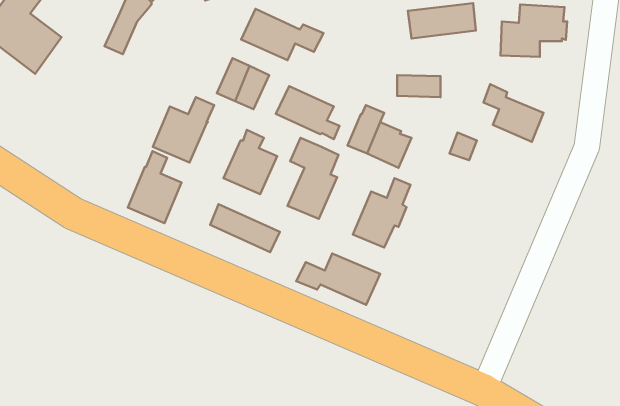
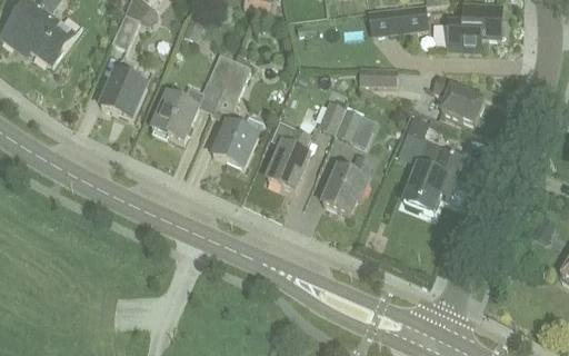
building: [241,9,324,60] -> none
building: [276,86,340,139] -> none
building: [128,151,181,223] -> [100,58,146,119]
building: none -> [402,141,461,211]
building: [210,204,280,252] -> none
building: [296,254,380,305] -> none

